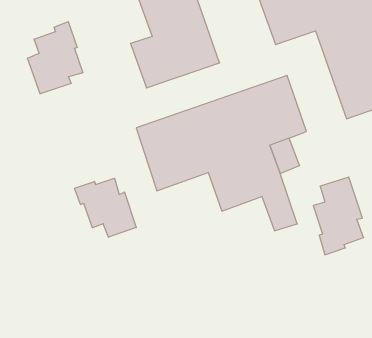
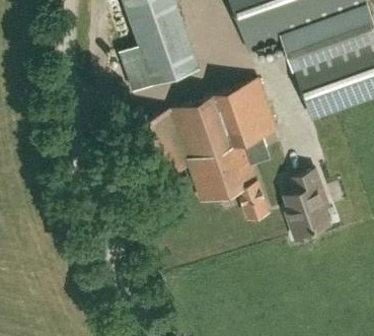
building: [28,22,83,94] -> none
building: [74,178,136,237] -> none

